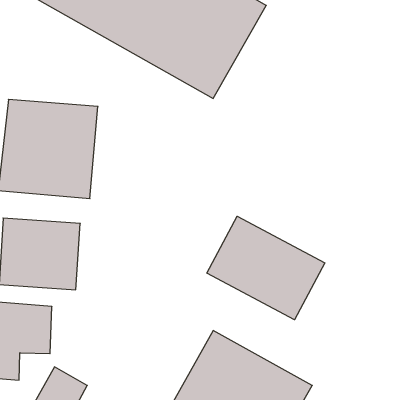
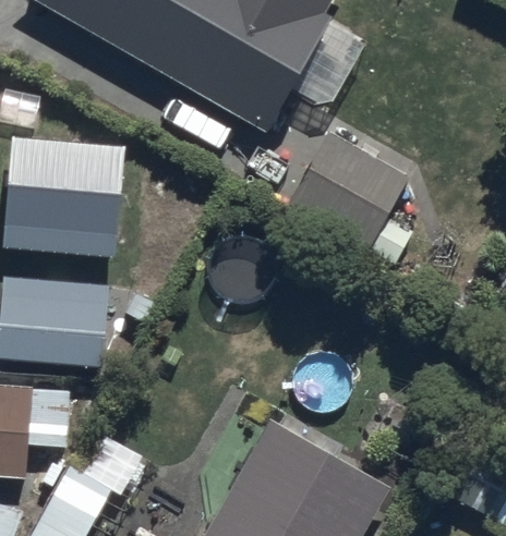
building: none -> [280,129,417,263]
building: [207,216,325,320] -> none

